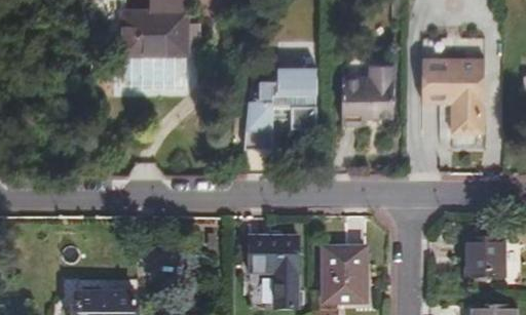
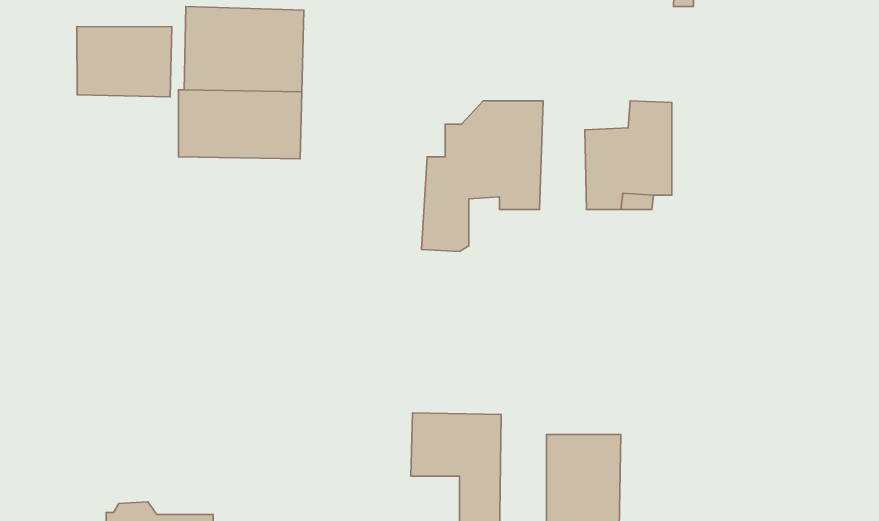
building: none -> [77,26,172,97]
building: [418,50,482,125] -> none
building: [467,238,503,277] -> none

